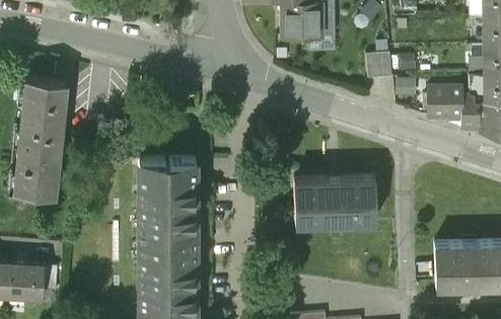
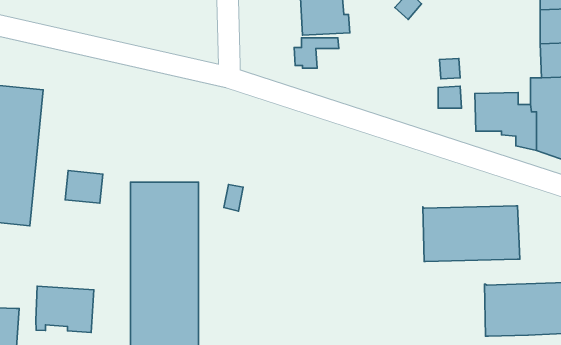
building: [367,52,395,77] -> none
building: none -> [65,171,103,203]
building: [295,177,376,224] -> [423,206,520,262]
building: none -> [36,286,94,333]

